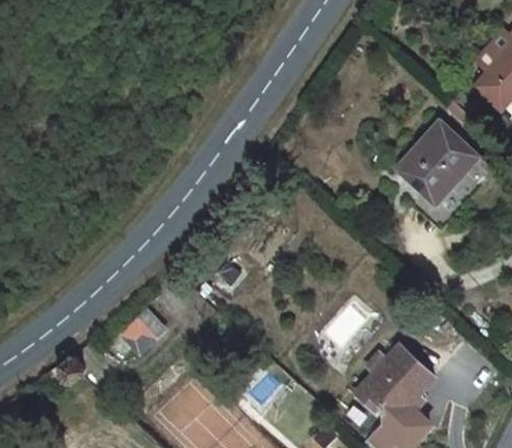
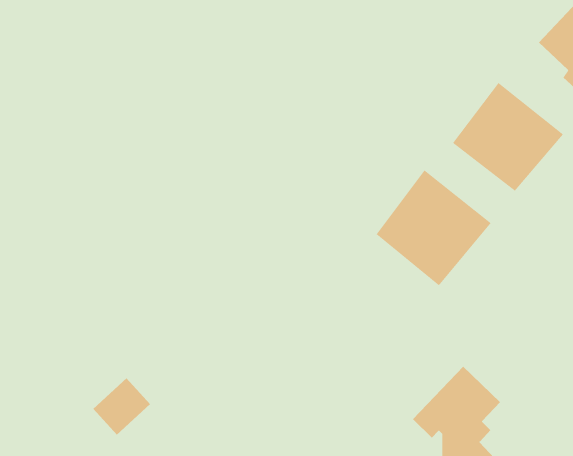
building: none -> [376,169,492,286]
building: [119,306,168,355] -> [93,377,151,436]

